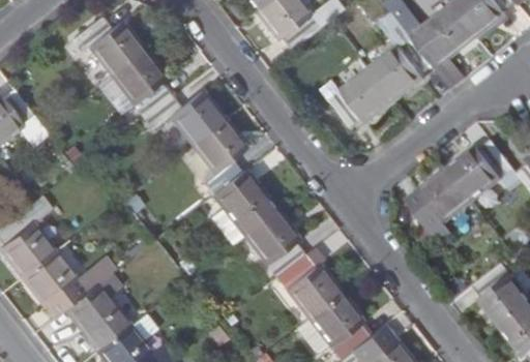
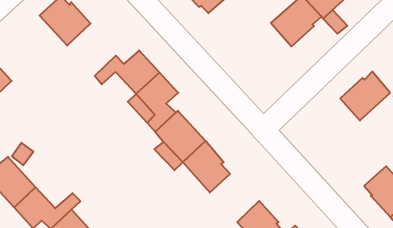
building: [109,50,170,117] -> none
building: [324,67,394,127] -> none
building: [412,171,474,245] -> none
building: [275,255,337,318] -> none

